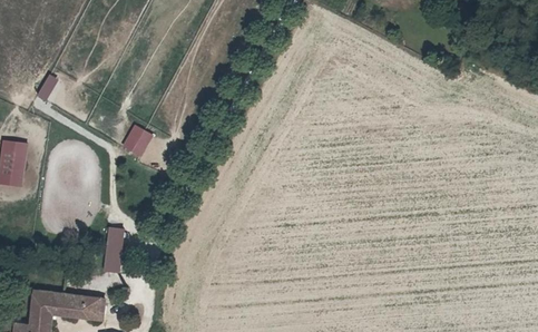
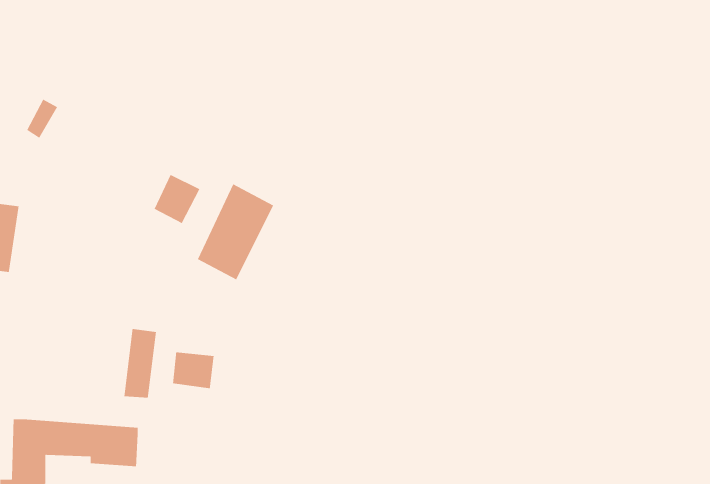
building: none -> [197,183,274,280]
building: none -> [172,351,215,389]

